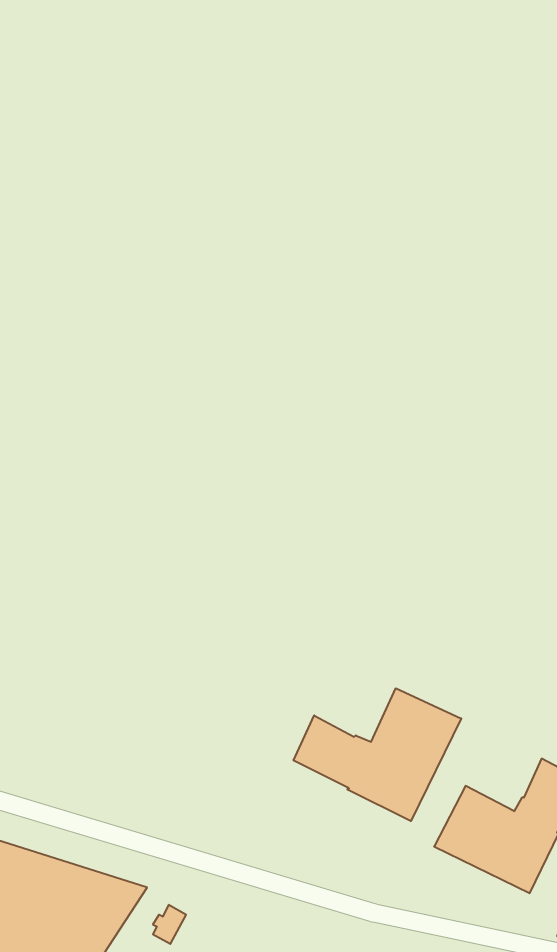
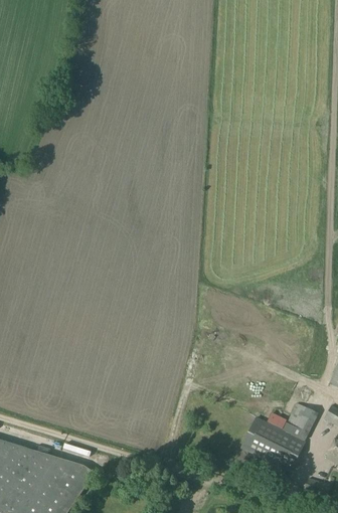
building: [294,688,461,821] -> none

